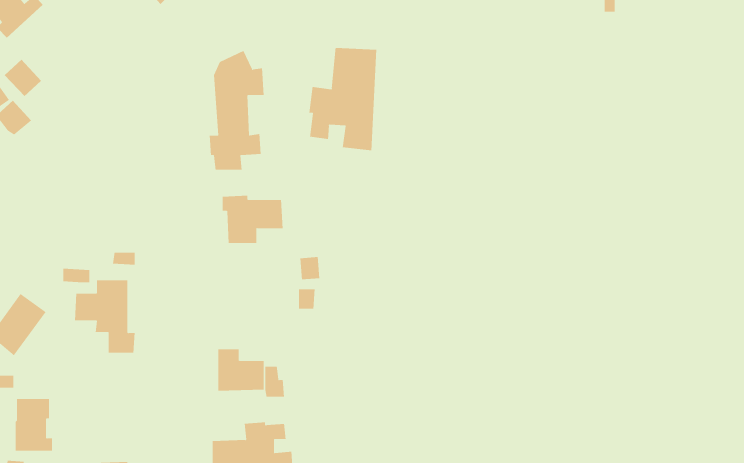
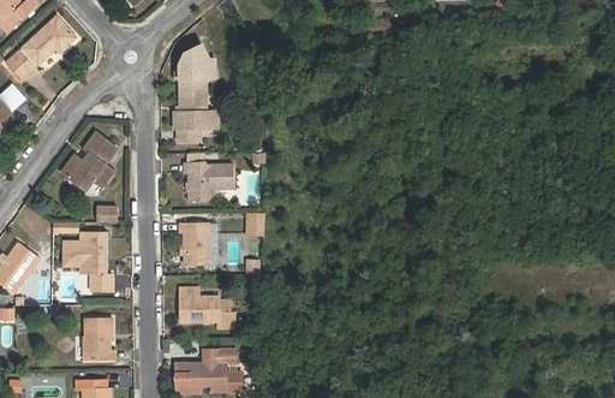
building: none -> [23,17,74,65]
building: [309,47,377,151] -> none
building: none -> [61,132,117,192]
building: none -> [179,222,210,266]
building: [15,398,53,451] -> [83,317,114,361]

